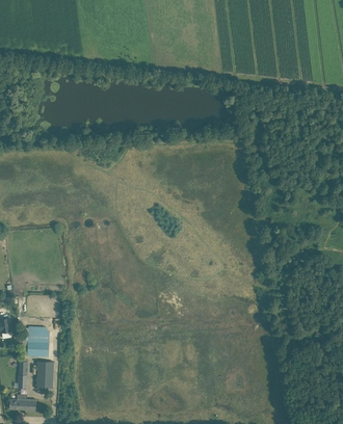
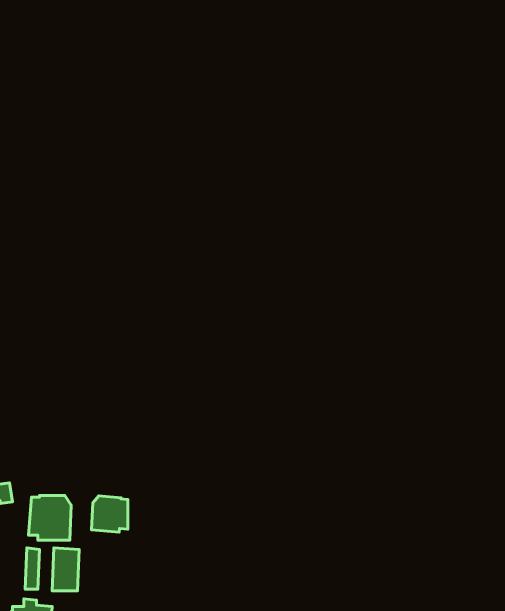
building: none -> [92,496,128,532]

